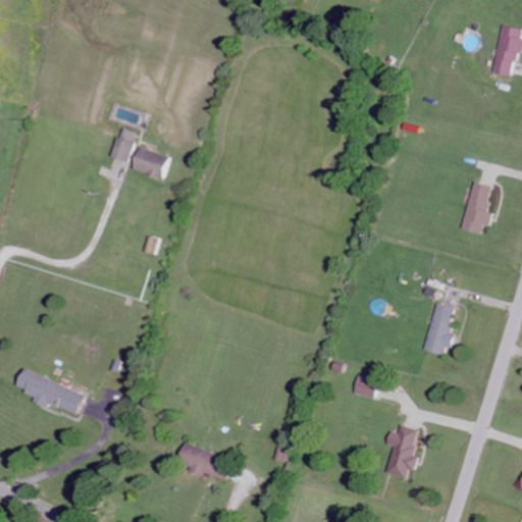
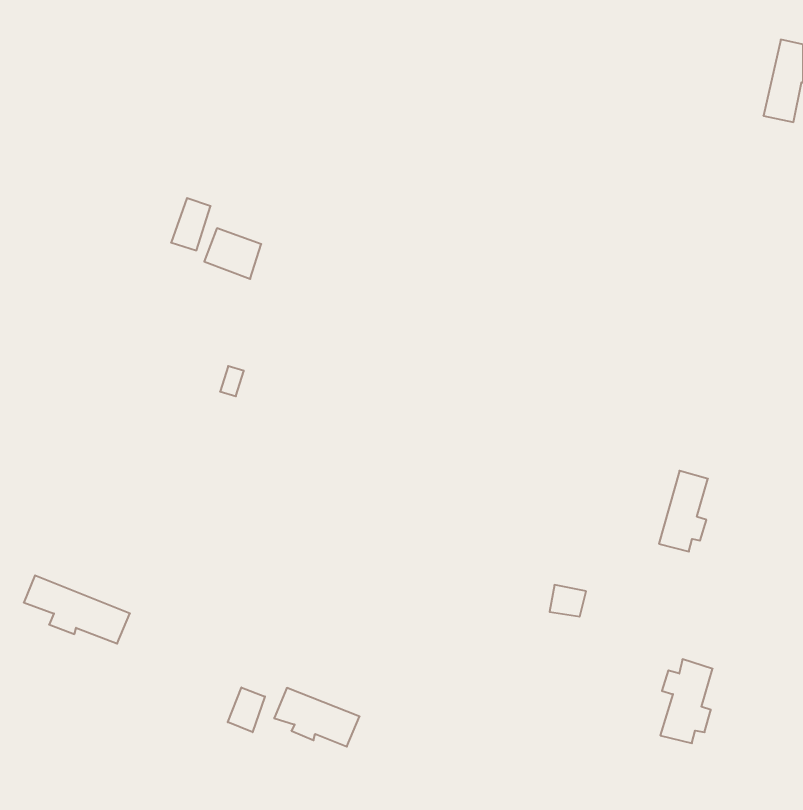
building: [462,181,492,233] -> none
building: [385,424,419,478] -> [660,659,713,743]
building: none -> [228,687,265,732]

